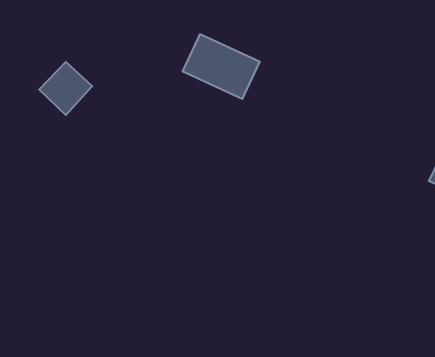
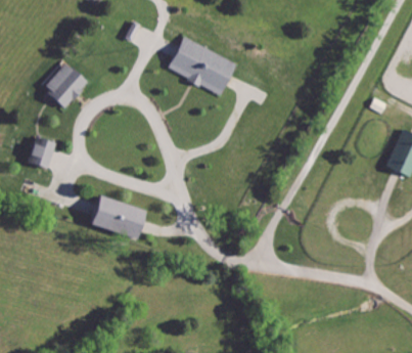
building: none -> [28,136,57,169]
building: none -> [89,194,145,240]

